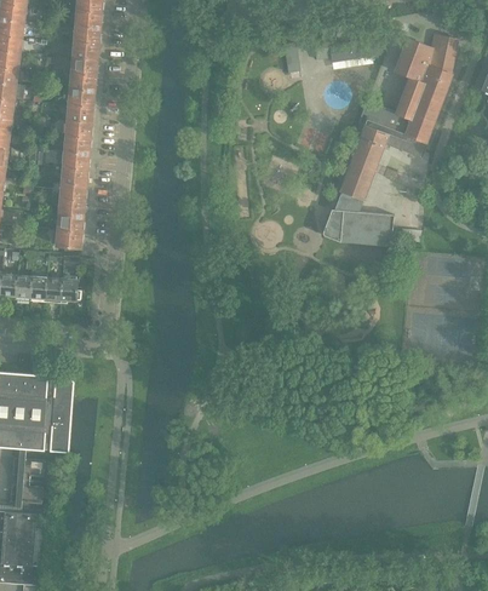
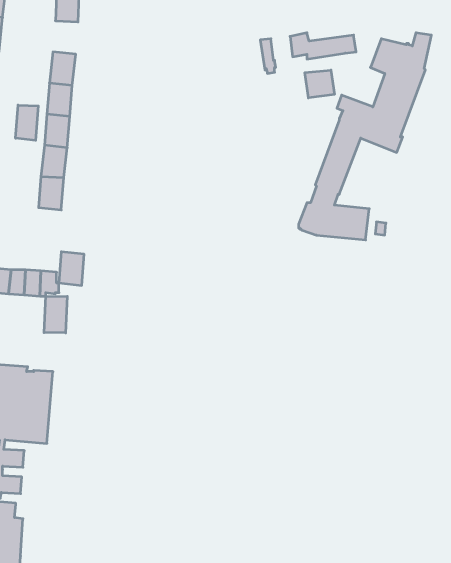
building: [74,24,99,58] -> none
building: none -> [305,70,334,98]
building: none -> [16,105,38,140]
building: [57,213,82,247] -> [59,252,84,285]
building: none -> [44,296,67,333]

